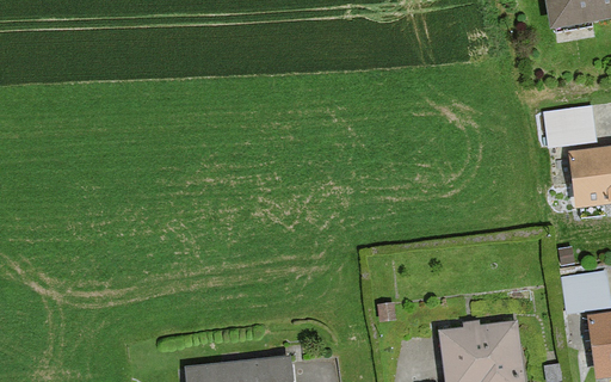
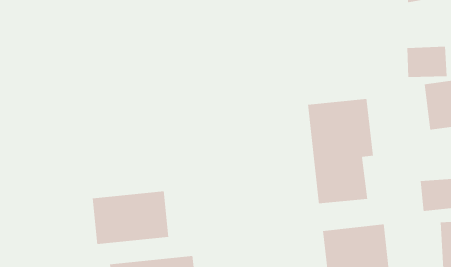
building: none -> [308,98,373,204]
building: none -> [92,190,169,245]

